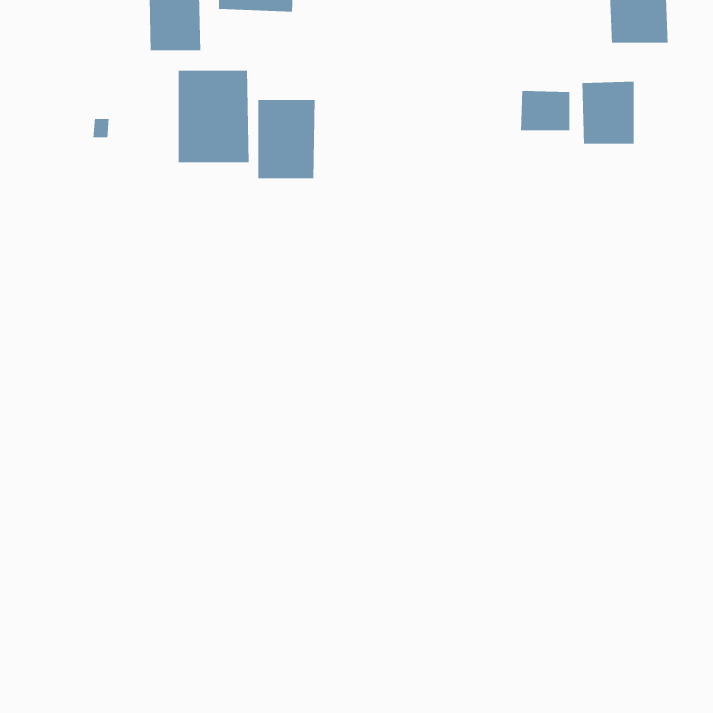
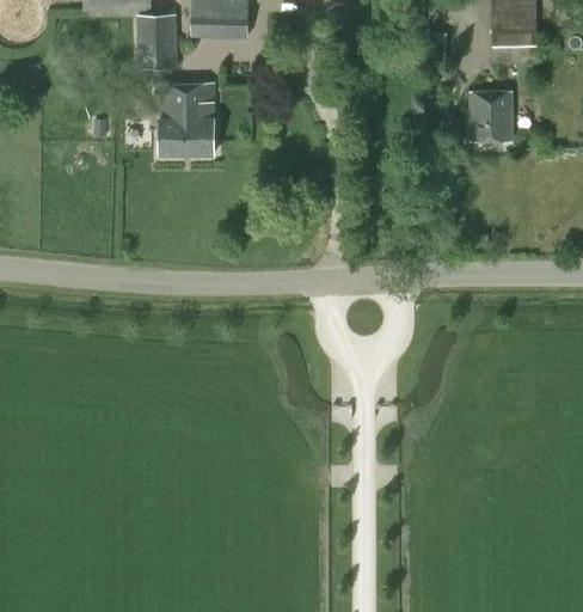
building: [520,90,570,131] -> none
building: [257,99,316,179] -> none

